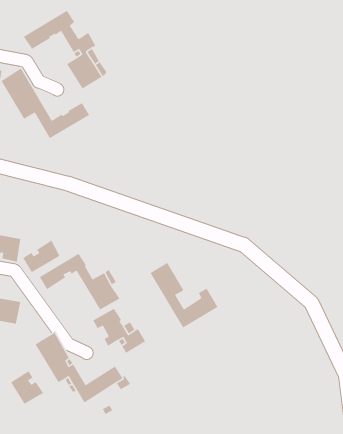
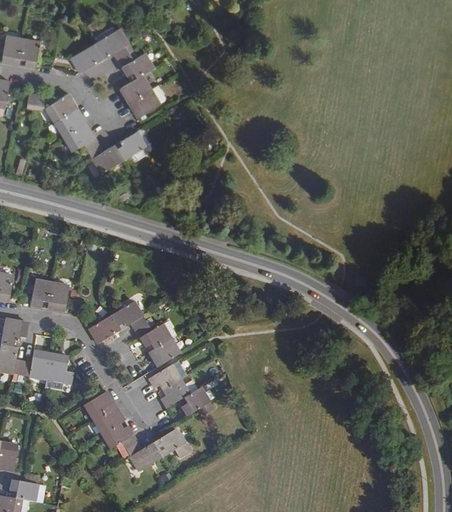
building: [22,240,60,273] -> none
building: [149,262,219,329] -> none
building: [10,370,44,405] -> none

